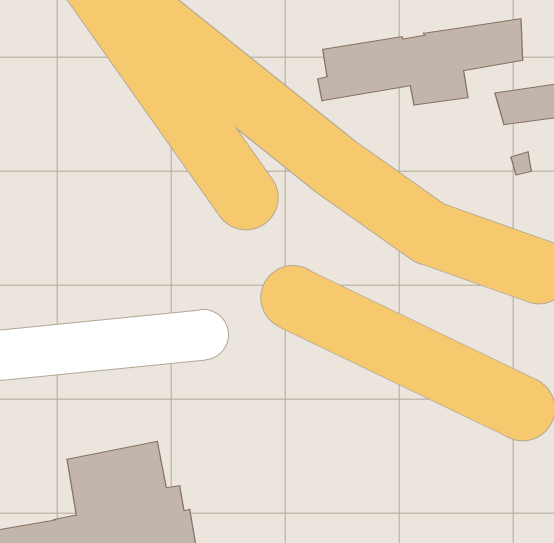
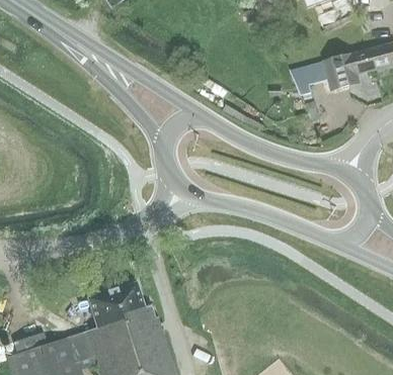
building: [318,19,523,105] -> none

